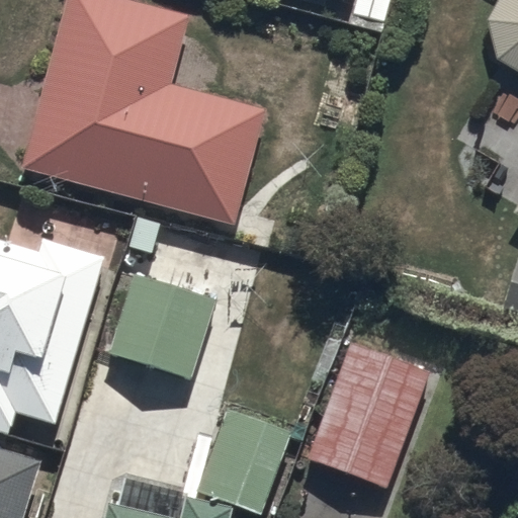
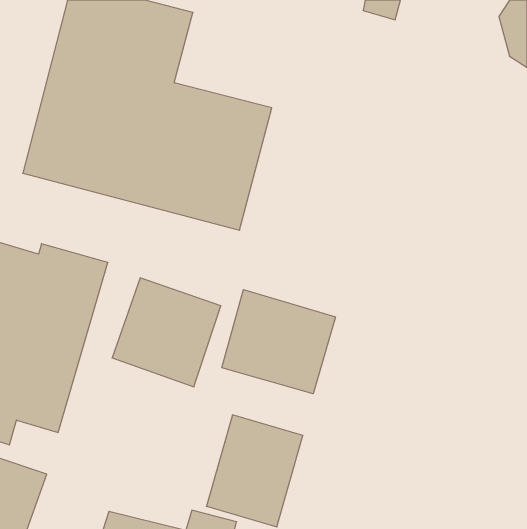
building: none -> [222,290,335,394]
building: [307,343,426,487] -> none

